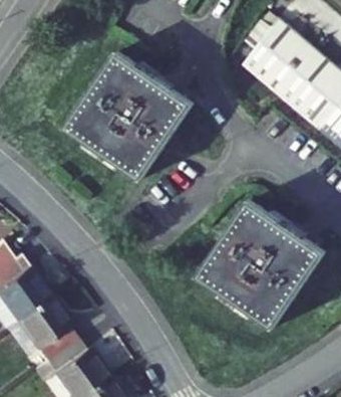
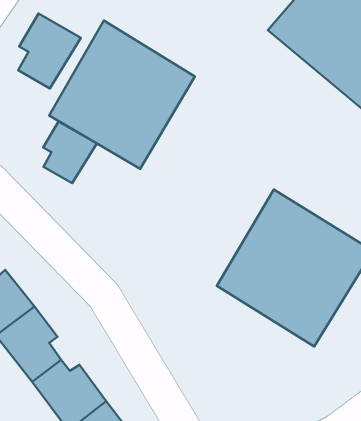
building: none -> [18,14,81,88]
building: none -> [43,121,97,183]

